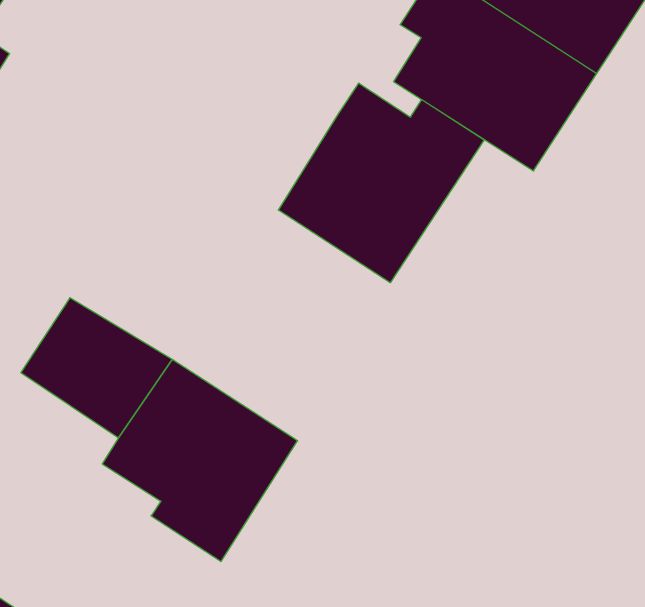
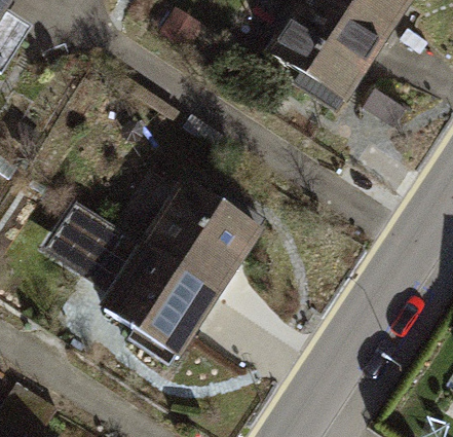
building: [278,83,484,283] -> none
building: none -> [139,178,265,292]

